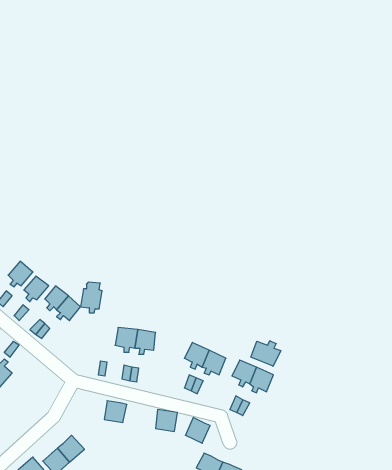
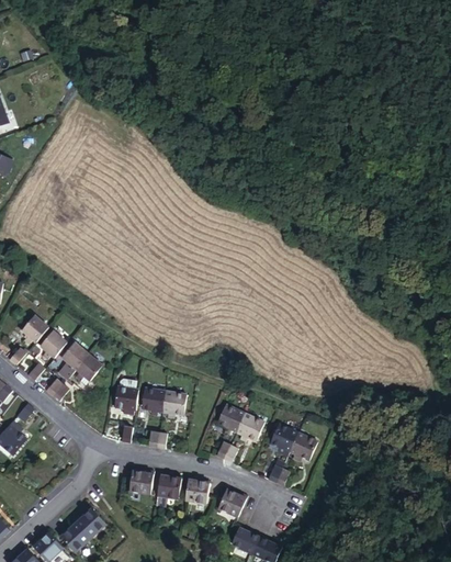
building: [80,282,102,313] -> [113,379,137,413]
building: [251,341,281,366] -> none
building: none -> [157,474,181,498]

